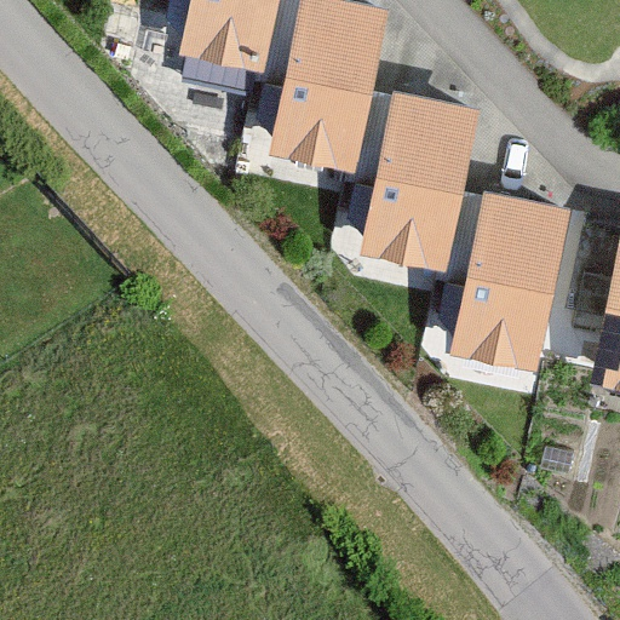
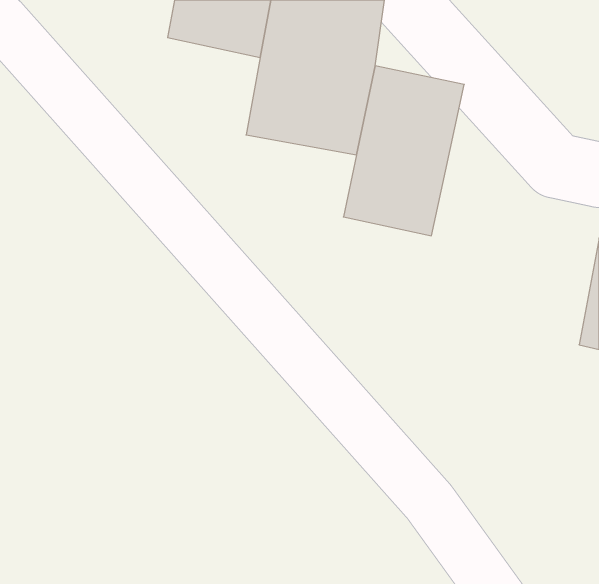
building: [427,193,575,369] -> none

